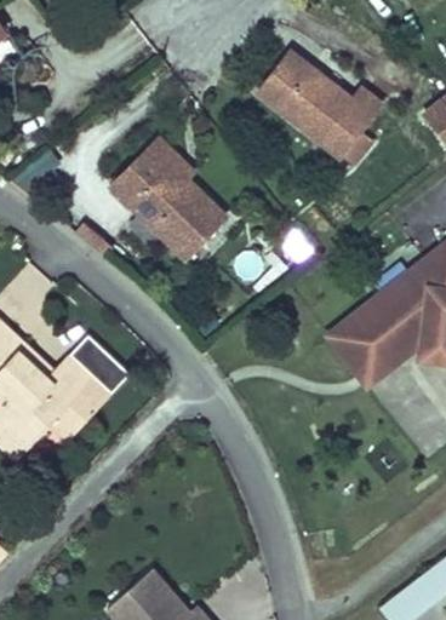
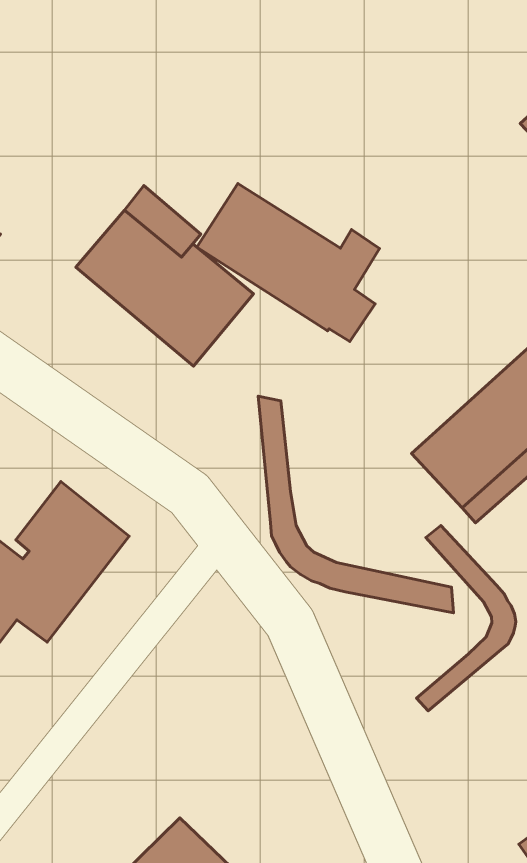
building: [253,52,378,166] -> [197,183,380,341]
building: none -> [258,396,453,613]
building: none -> [417,525,516,711]

